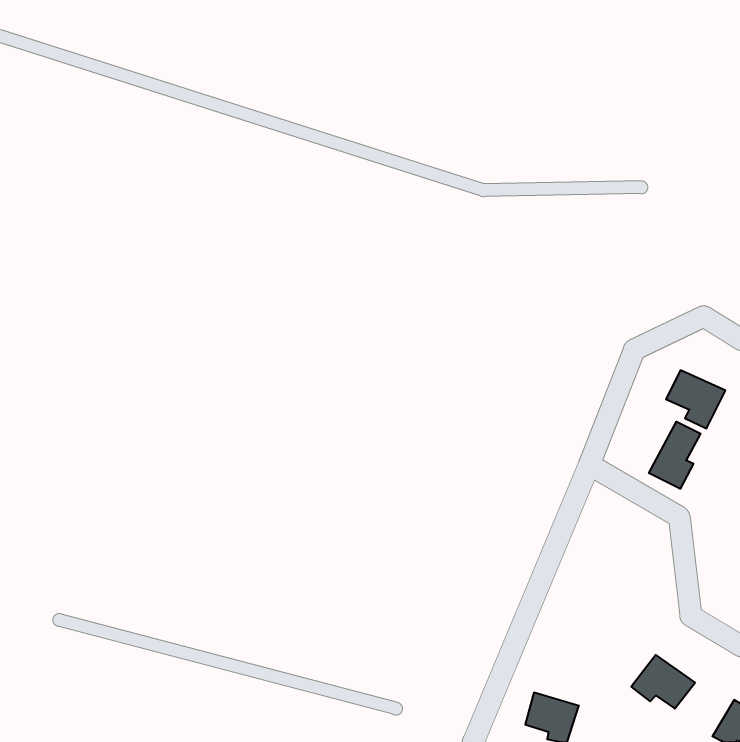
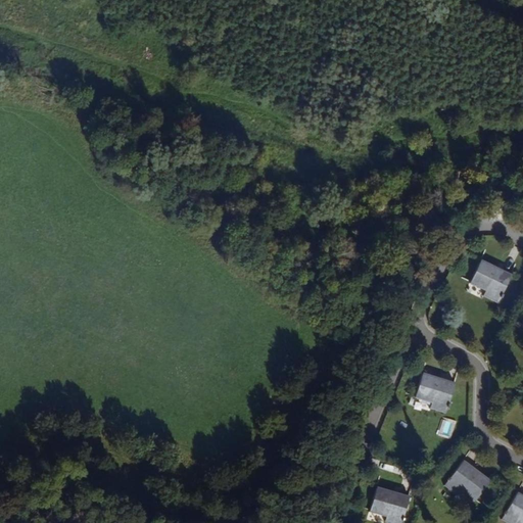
building: [649,422,701,489] -> none
building: none -> [416,373,456,412]

